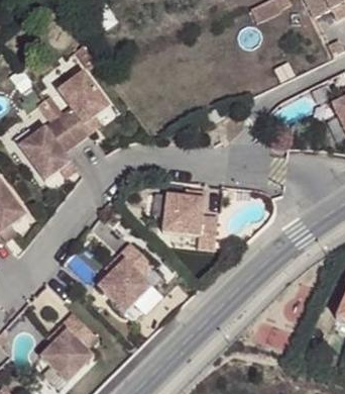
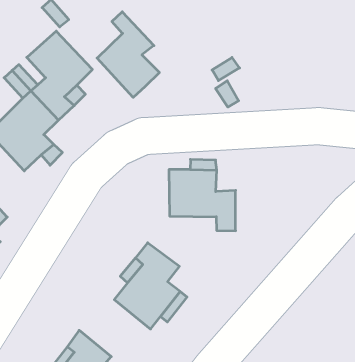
building: none -> [97,12,159,97]

